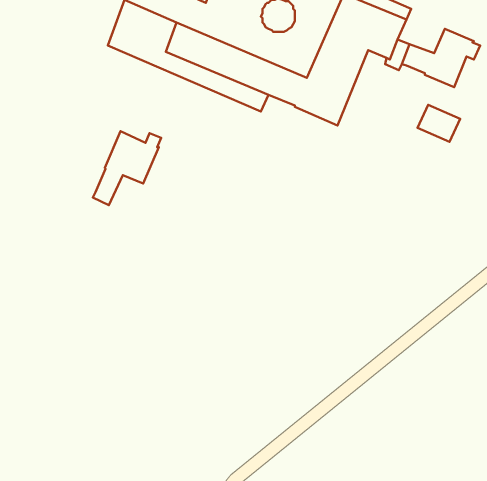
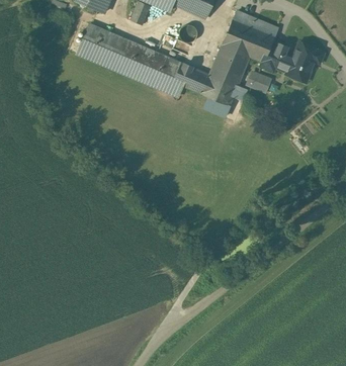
building: [417,105,460,142] -> [249,70,277,94]
building: [93,131,161,205] -> none

